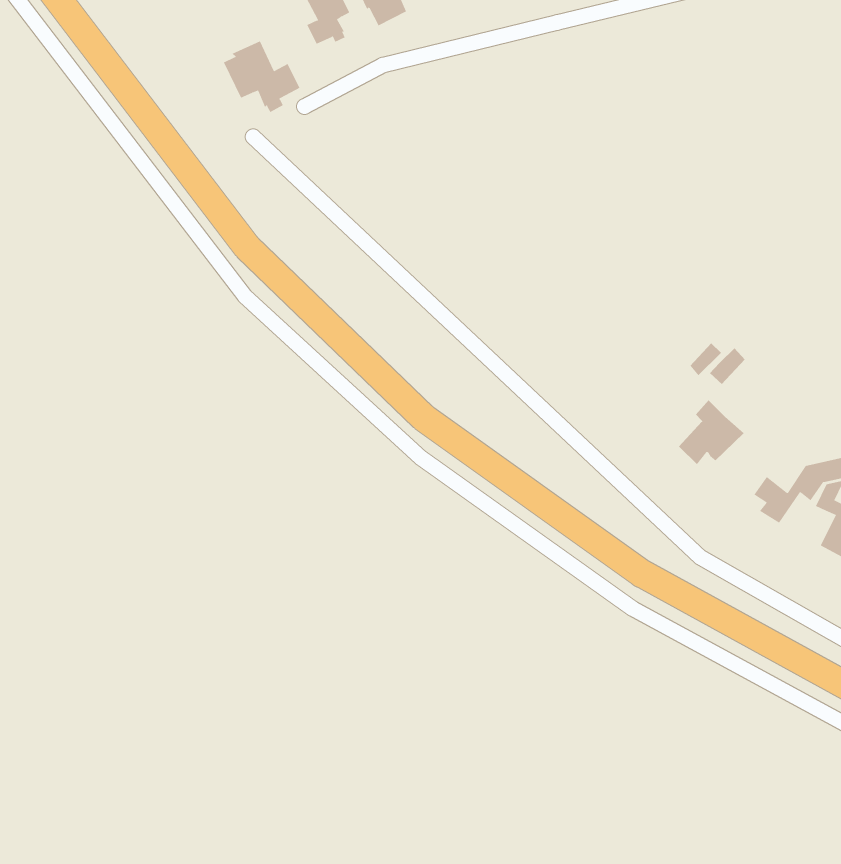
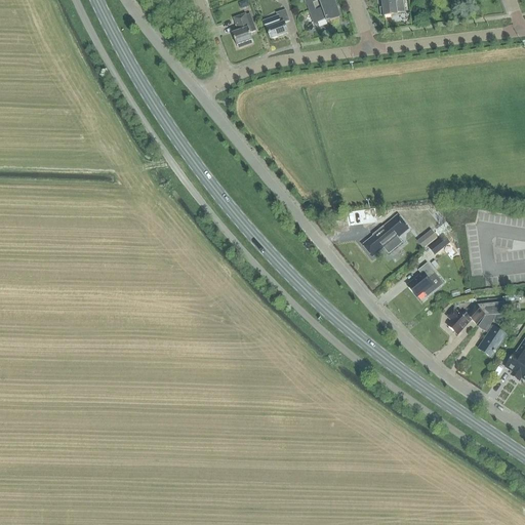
building: [223,41,300,113] -> none
building: none -> [362,213,408,255]

